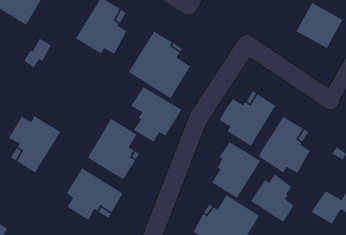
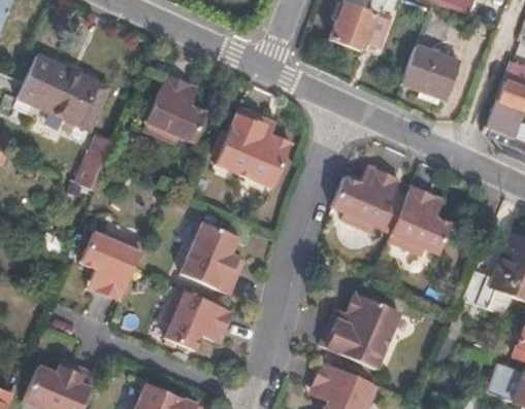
building: [130,86,182,143] -> none
building: [211,141,261,199] -> none
building: [250,173,294,223] -> none

